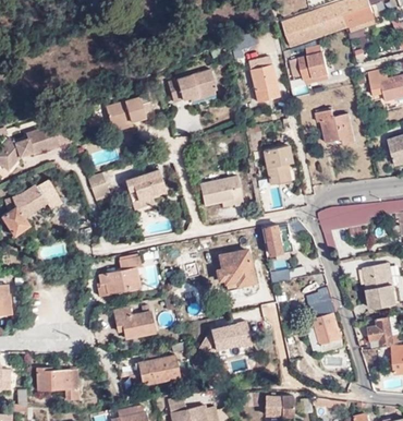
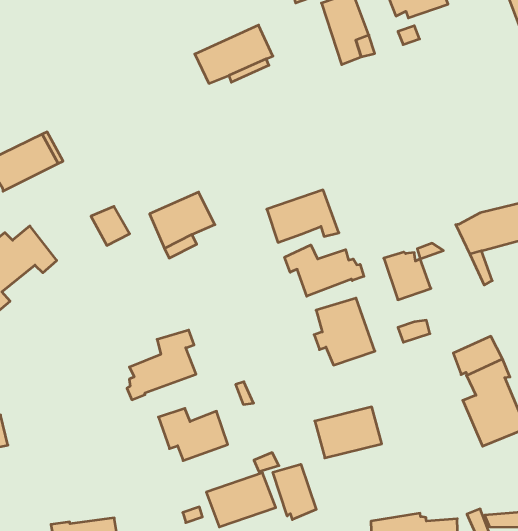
building: [103,99,154,130] -> none
building: [310,109,353,144] -> none
building: [261,147,290,185] -> none
building: none -> [285,245,364,296]
building: none -> [273,464,316,520]

